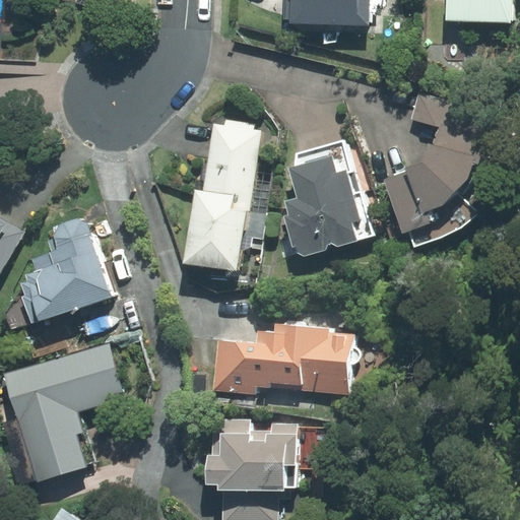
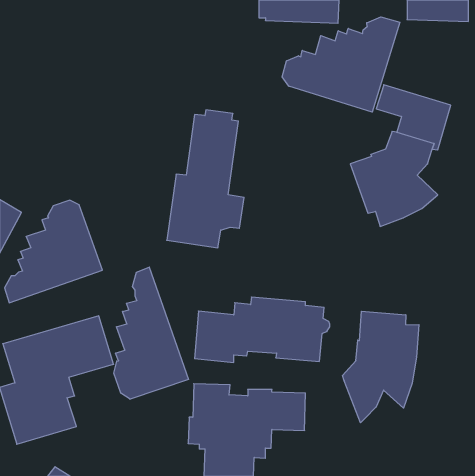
building: none -> [282,17,400,112]
building: [282,139,374,256] -> none
building: none -> [114,267,189,399]
building: none -> [343,311,419,423]

